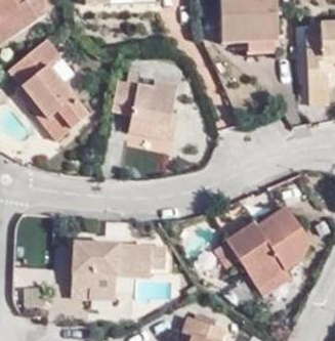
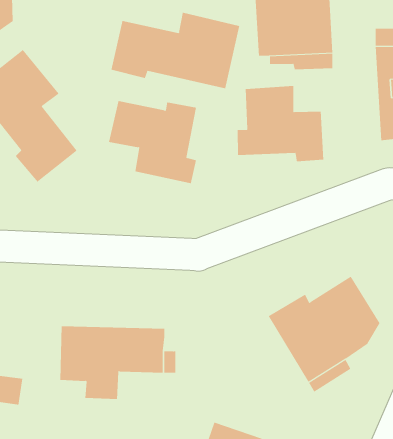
building: none -> [111,12,240,89]
building: none -> [237,85,324,162]

